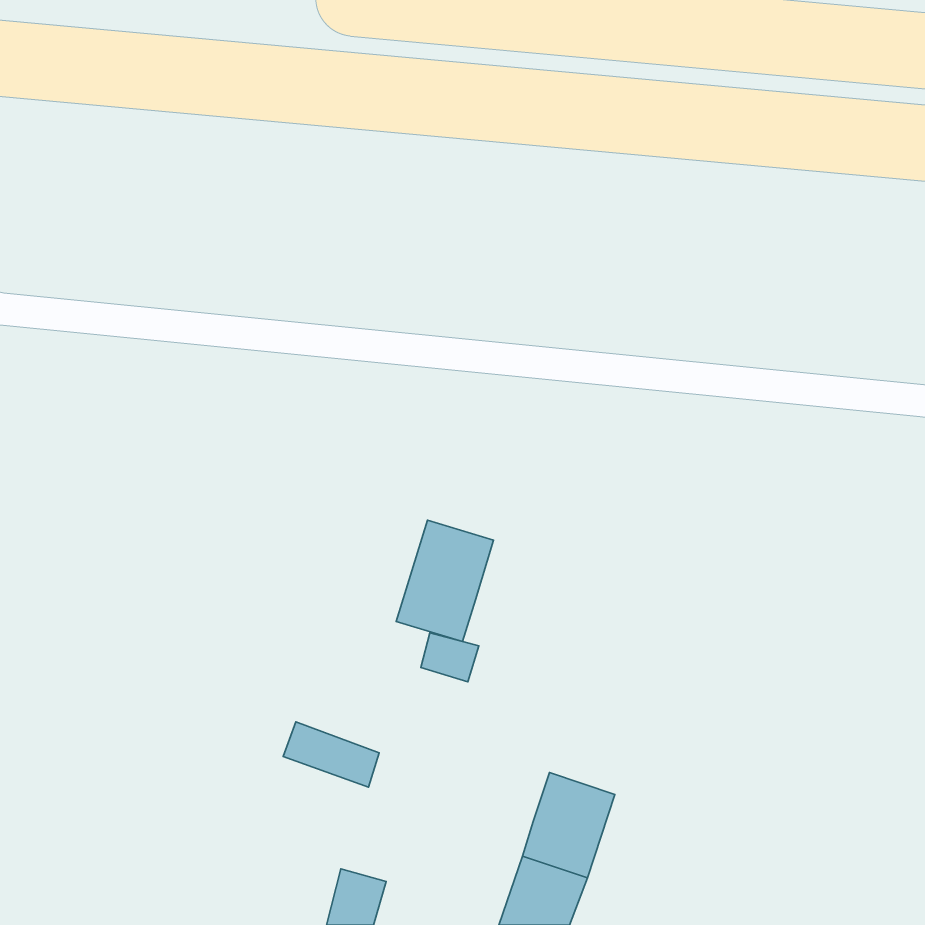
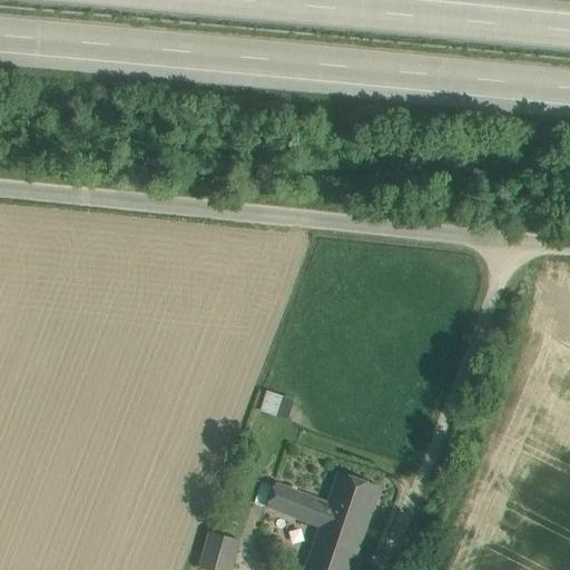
building: [396,520,493,641] -> none
building: [283,722,379,787] -> [268,485,327,525]

